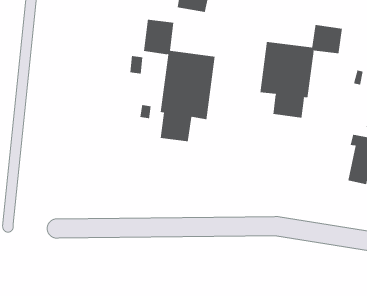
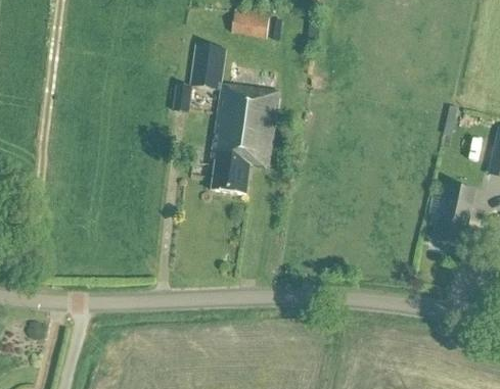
building: [260,24,342,119] -> none

